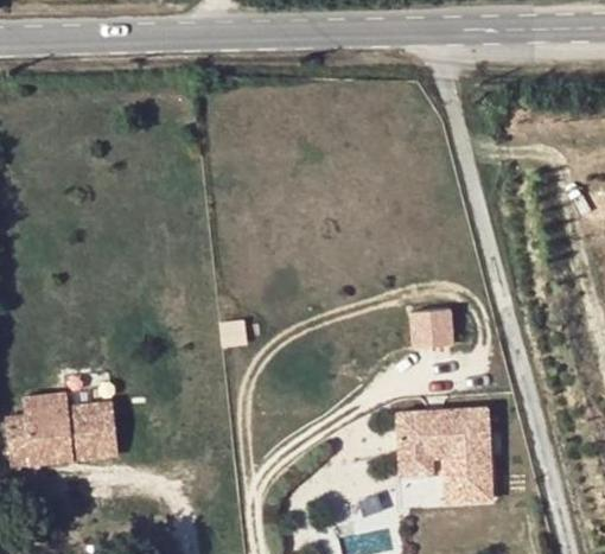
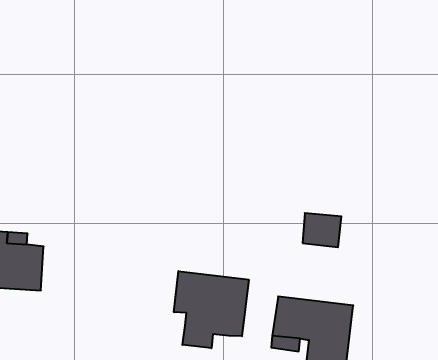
building: none -> [174,271,249,348]

